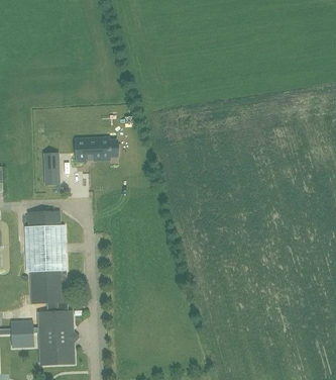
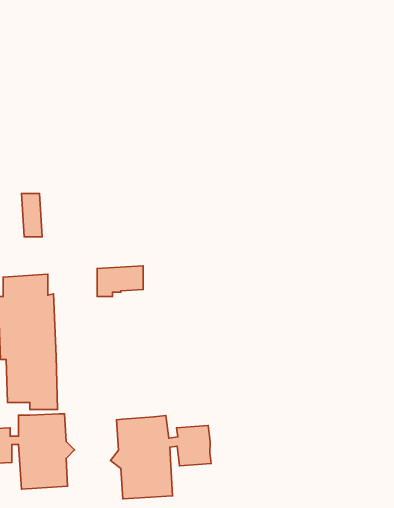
building: [74,138,107,161] -> [97,266,143,296]
building: none -> [111,415,211,499]

